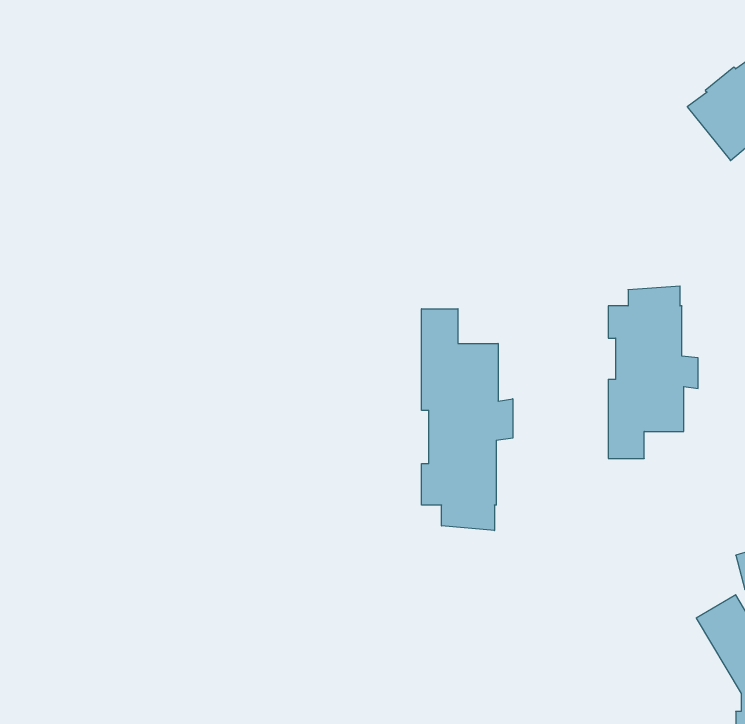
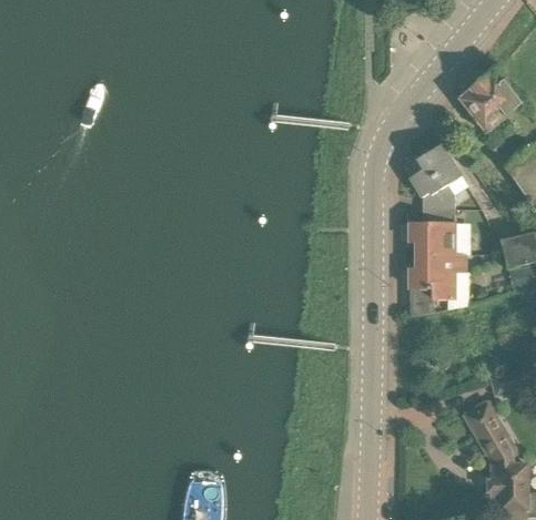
building: none -> [409,143,461,212]
building: [422,309,513,531] -> none

